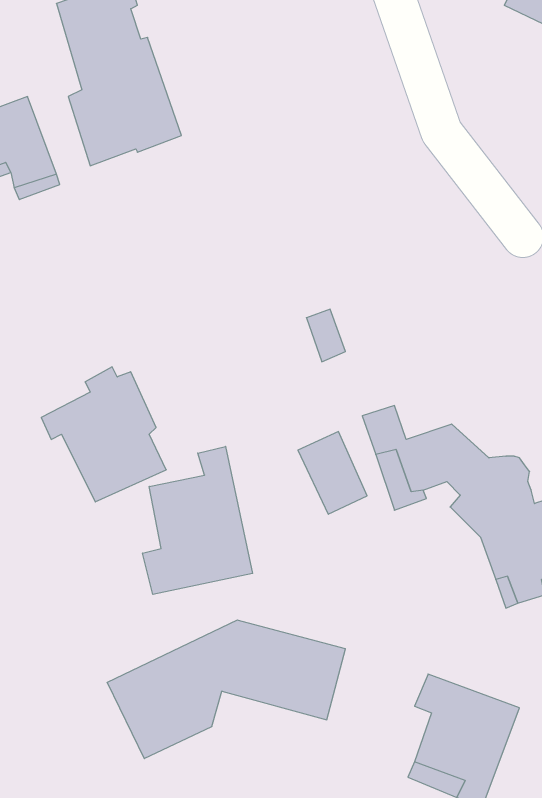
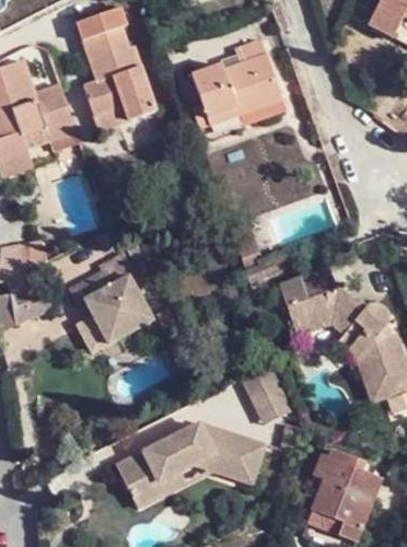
building: none -> [190,38,284,127]
building: [298,432,367,514] -> [242,370,287,423]
building: [143,446,253,594] -> none

